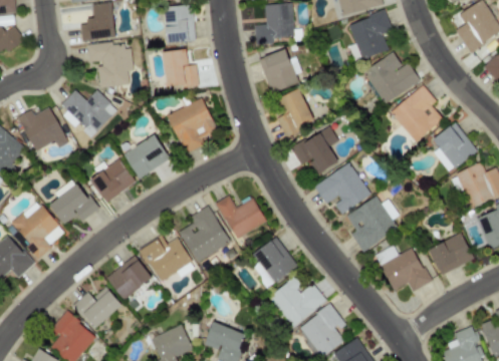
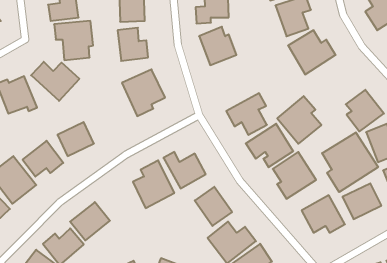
building: [392,85,444,141] -> [277,96,321,144]
building: [277,88,316,136] -> none
building: [123,134,171,178] -> none
building: none -> [322,132,378,192]
building: [141,236,193,281] -> none

